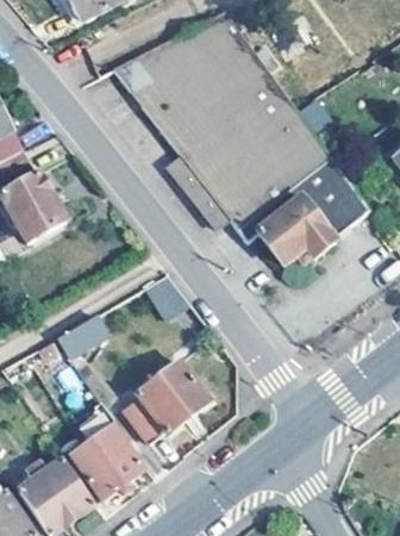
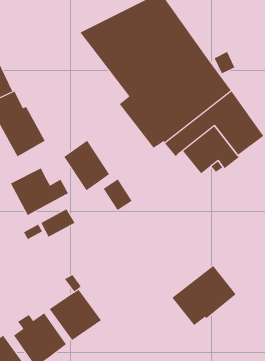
building: none -> [64,140,110,191]
building: none -> [10,167,69,216]
building: [119,359,210,443] -> [172,265,236,326]

